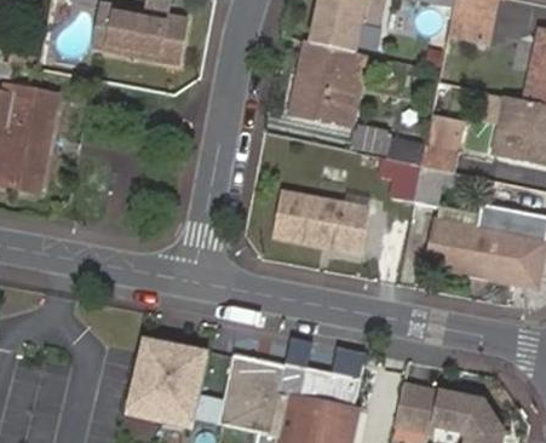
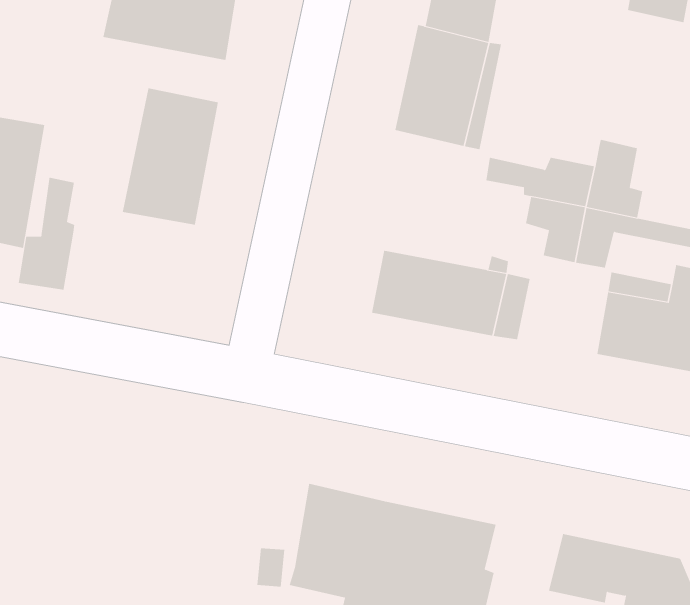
building: none -> [122,88,218,226]
building: none -> [18,177,75,290]
building: [123,334,207,427] -> none

